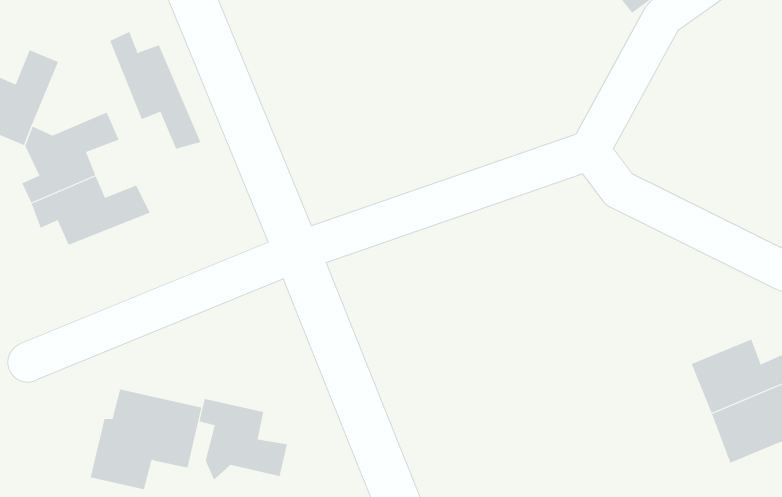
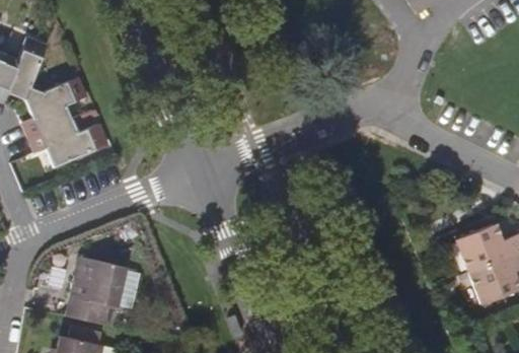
building: [109,31,201,150] -> none
building: [199,398,288,481] -> none

